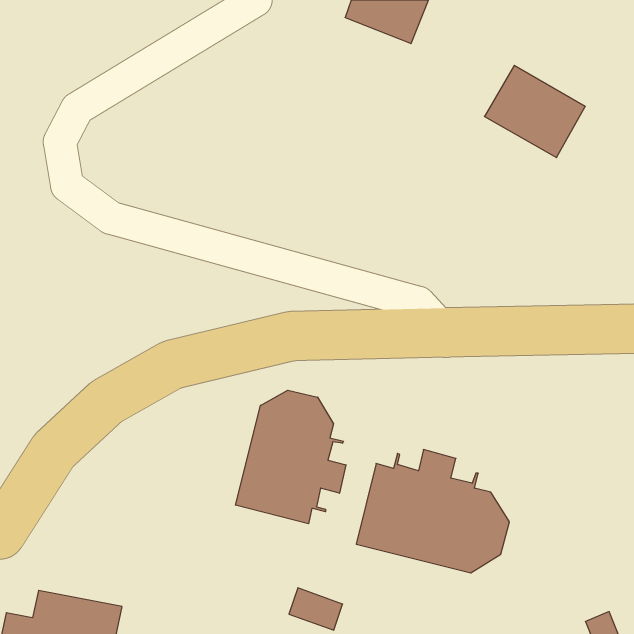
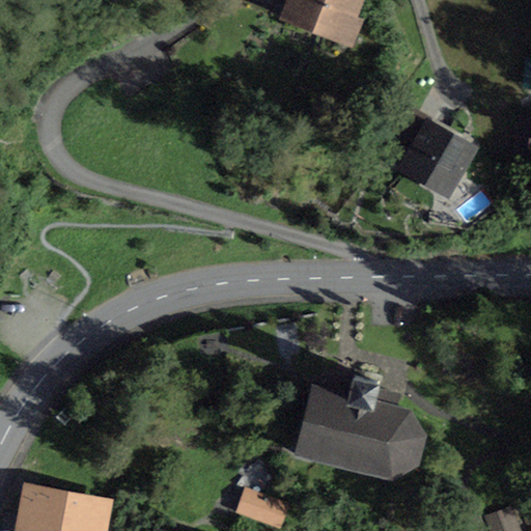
building: [484,65,585,158] -> [389,116,473,193]
building: [235,390,346,524] -> none

